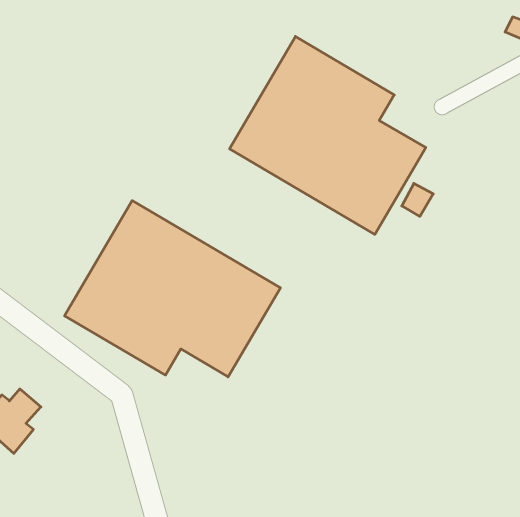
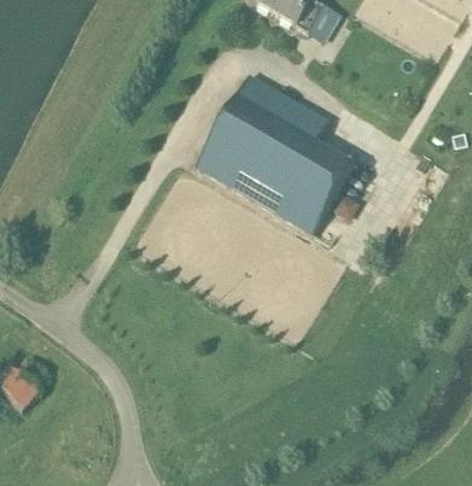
building: [65,201,280,377] -> none

